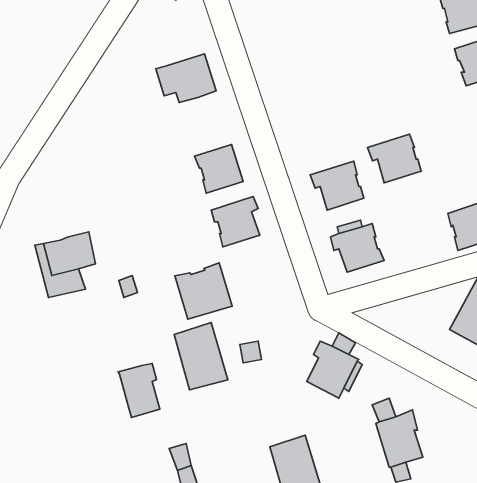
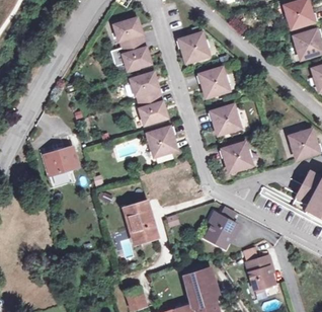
building: none -> [114,17,144,47]
building: none -> [176,32,209,62]
building: none -> [132,72,160,101]
building: [368,134,421,183] -> [196,67,229,96]
building: [175,263,232,319] -> none
building: [118,364,160,418] -> none

